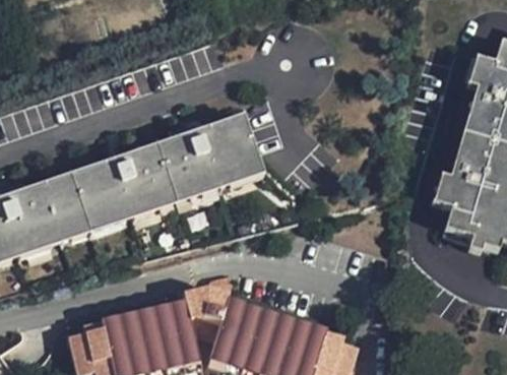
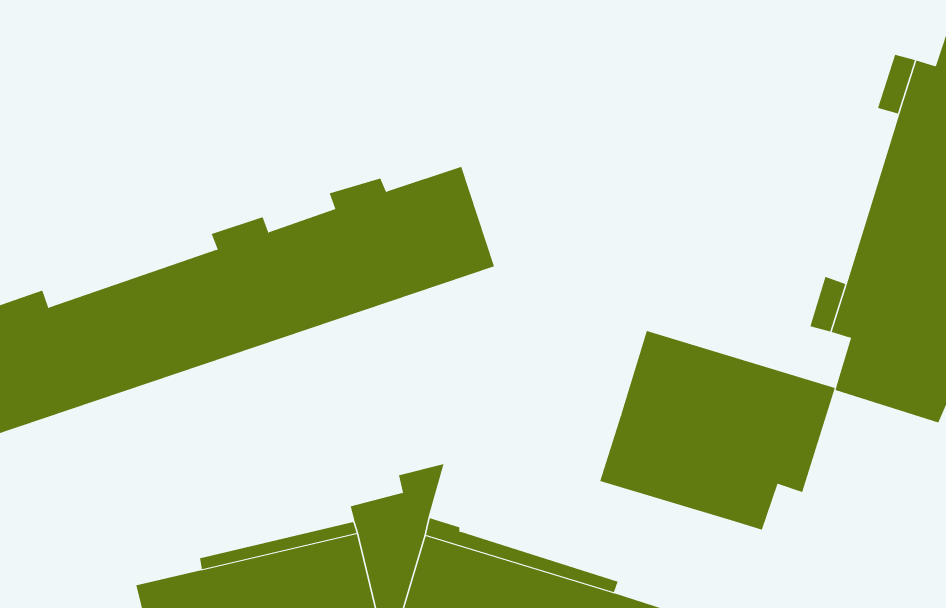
building: none -> [600,330,835,530]

